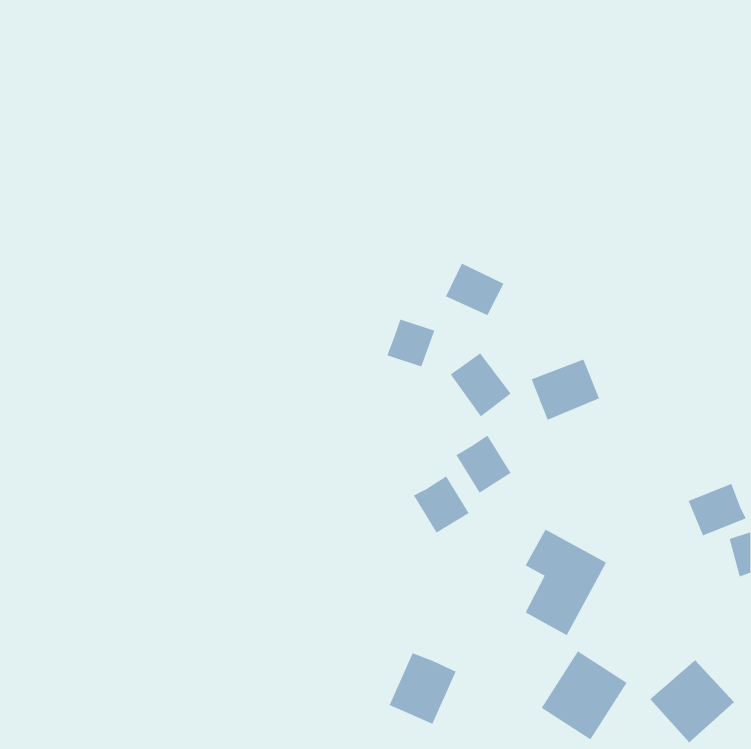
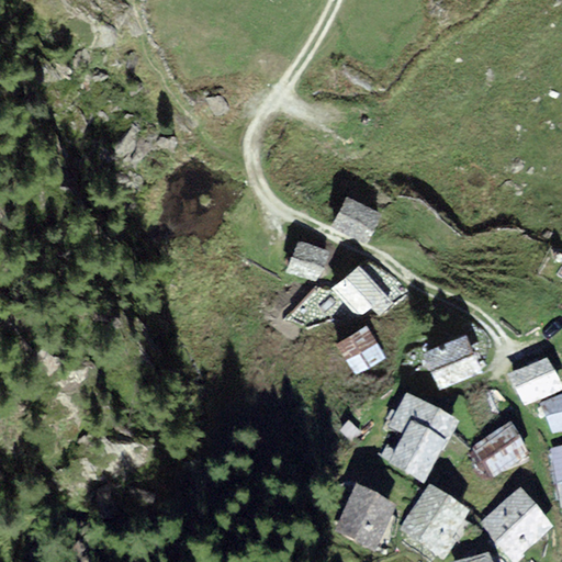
building: [531,359,600,420] -> [427,334,479,380]
building: [413,476,470,533] -> none
building: none -> [476,428,526,473]
building: [389,652,456,724] -> [340,491,391,544]

